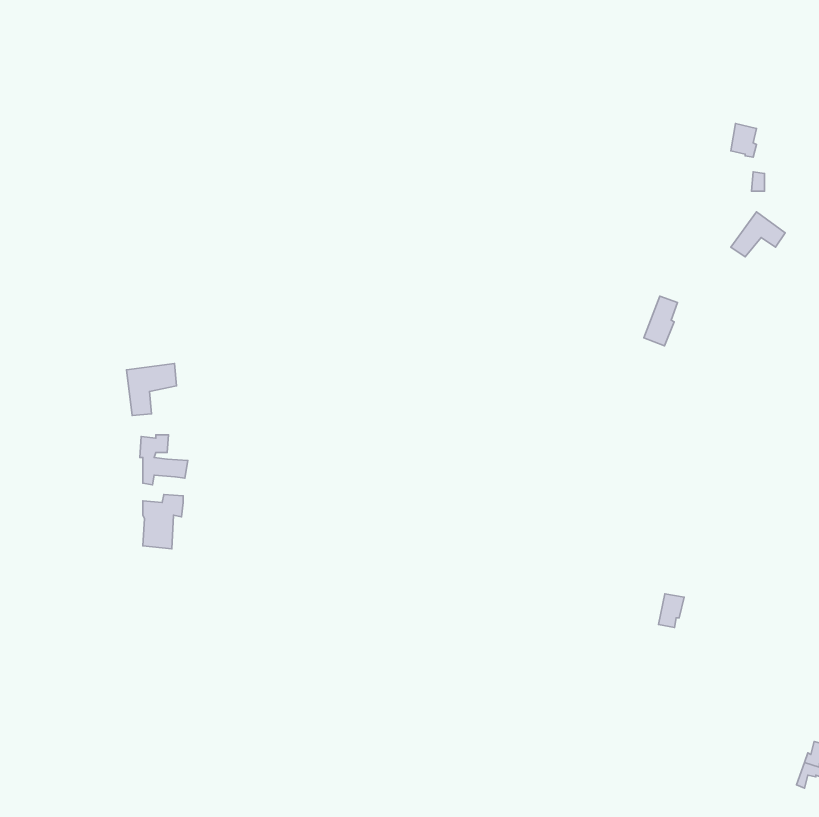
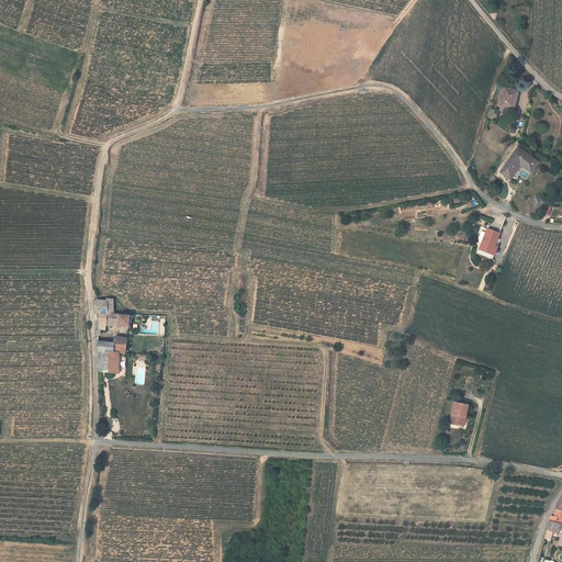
building: [644,296,677,346] -> [476,226,499,260]
building: [127,364,176,415] -> none

